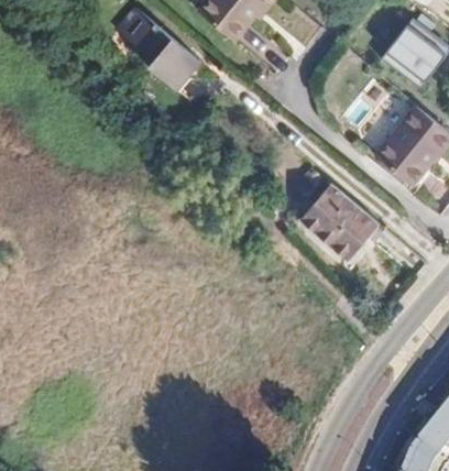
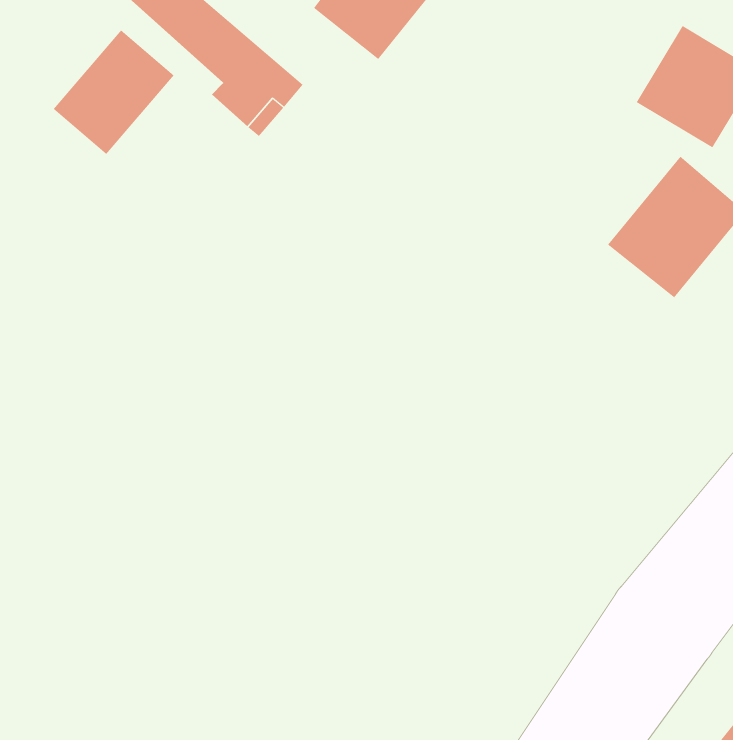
building: none -> [53,29,175,155]
building: [293,180,364,249] -> none

